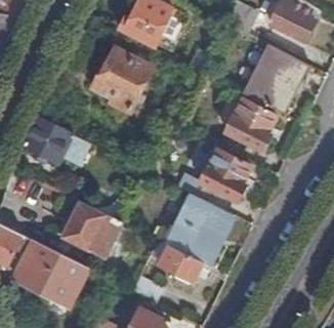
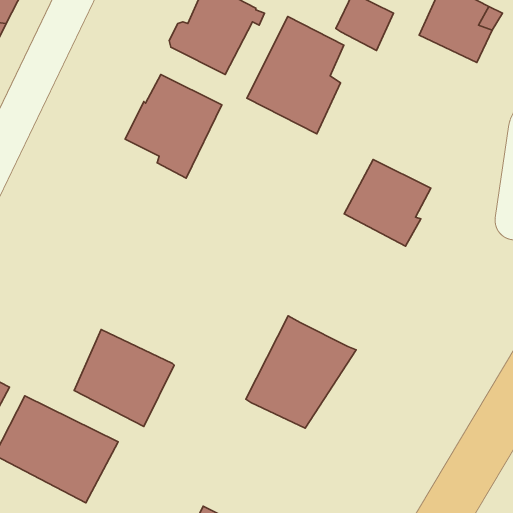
building: [241,43,299,114] -> [247,16,344,134]
building: [23,115,72,162] -> none
building: [198,150,251,211] -> none
building: [159,245,227,280] -> none

